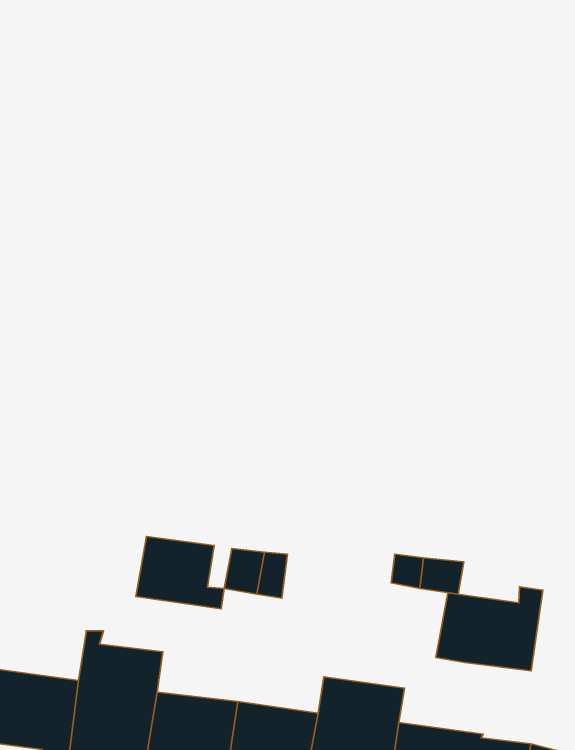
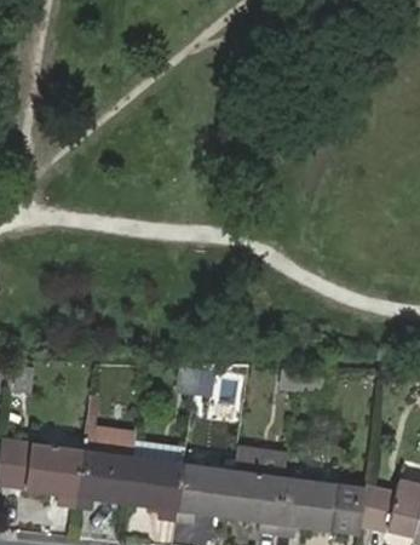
building: [136,537,224,609] -> none
building: [436,587,543,671] -> none

